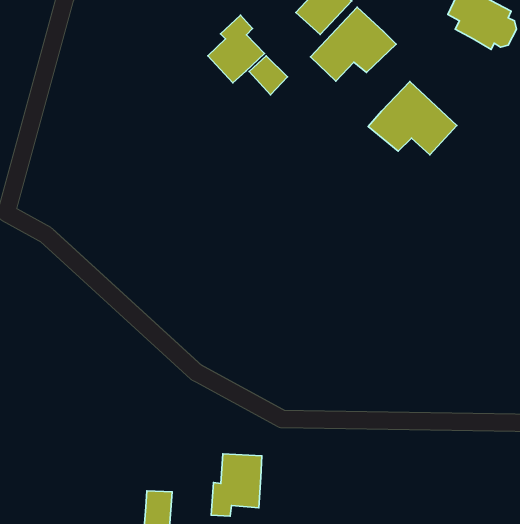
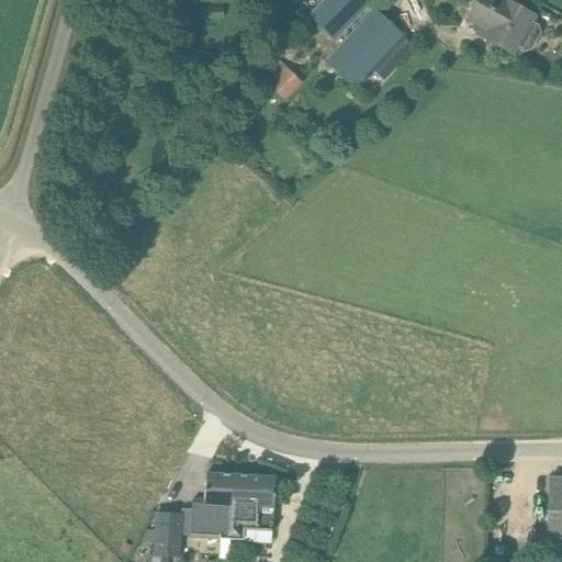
building: [208,15,264,83] -> none
building: [368,81,457,155] -> none
building: none -> [190,470,235,536]

